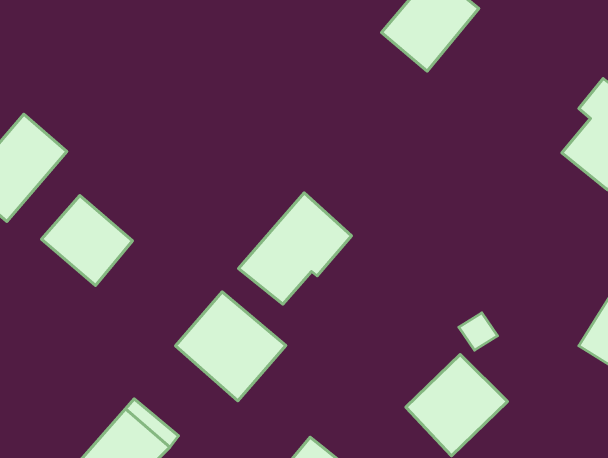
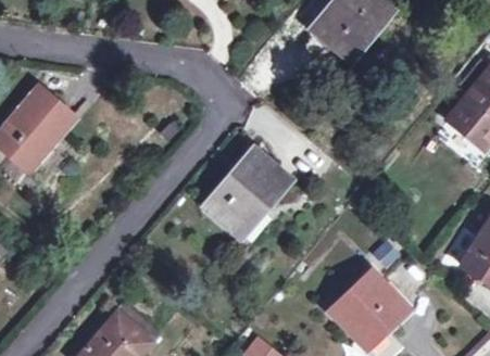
building: [41,196,133,285] -> none
building: [176,292,286,401] -> none

